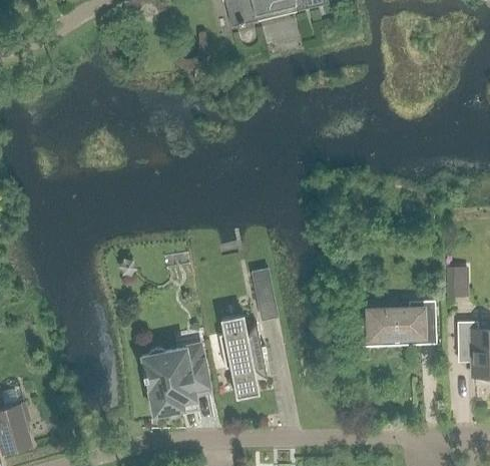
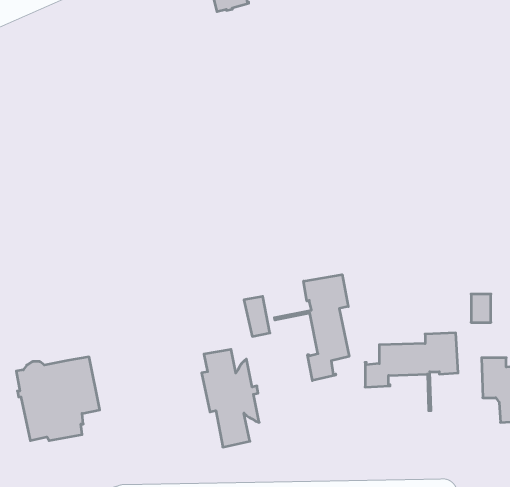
building: none -> [274,275,349,381]
building: [141,344,212,415] -> [16,357,100,441]

